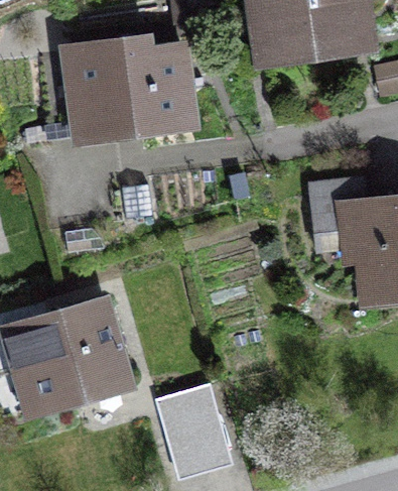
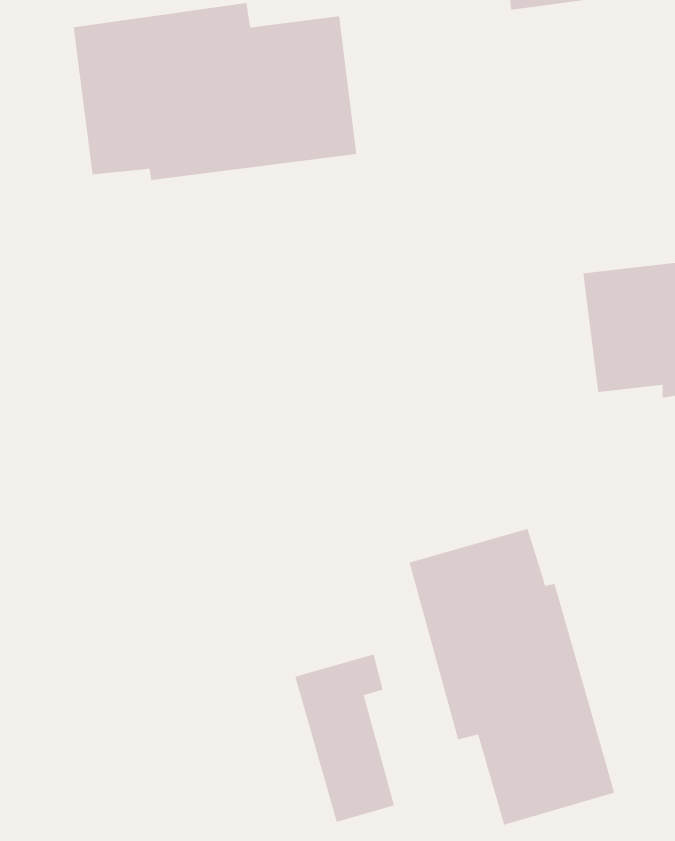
building: [9,305,127,407] -> none
building: none -> [409,528,615,826]

